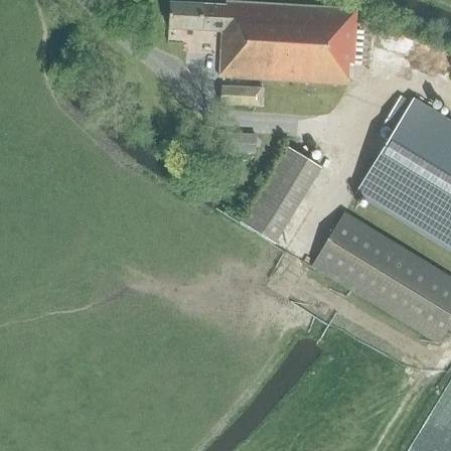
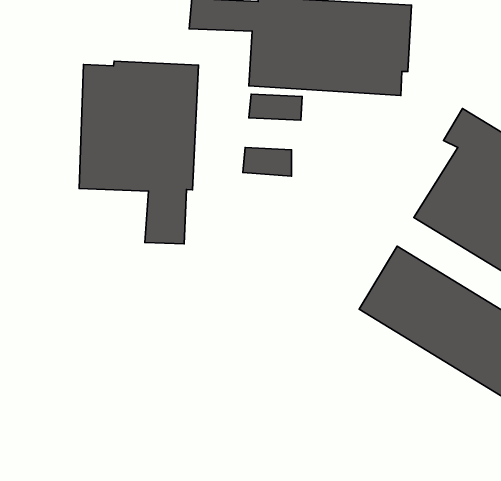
building: none -> [79,61,198,244]
building: [238,144,321,244] -> none

